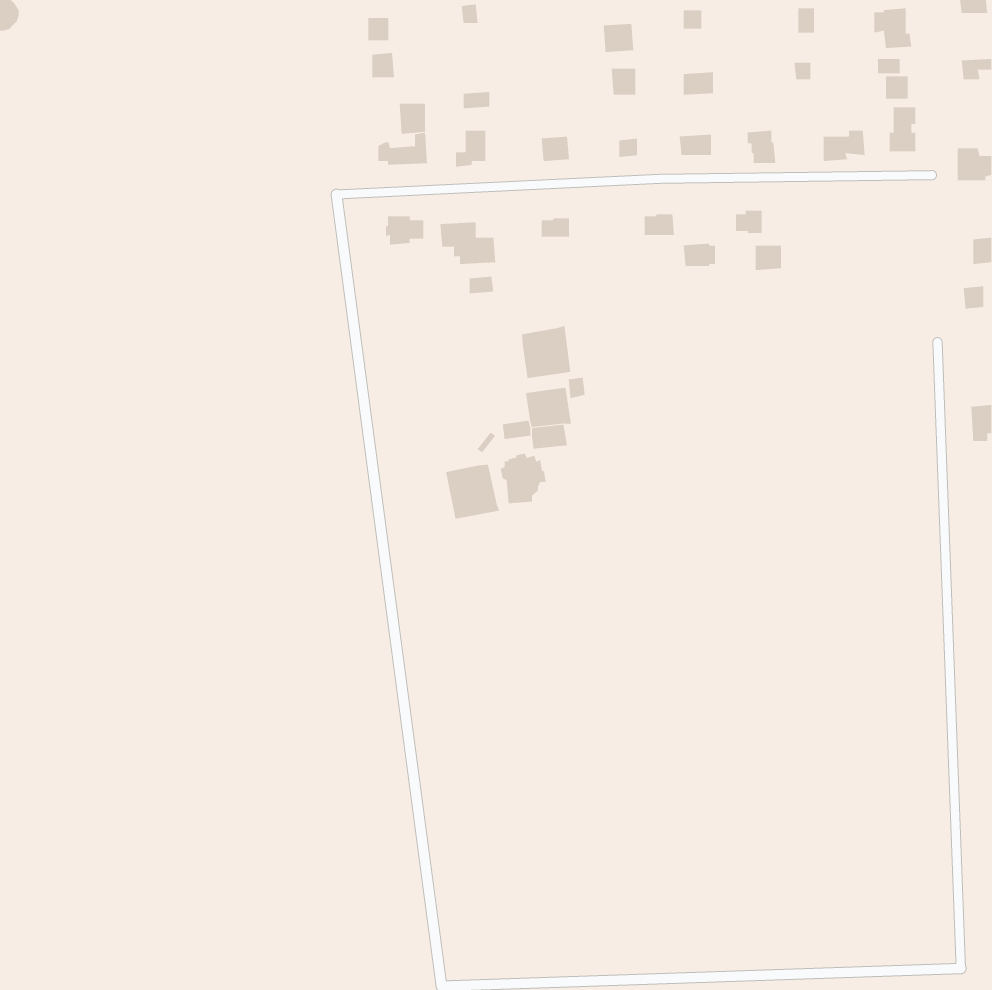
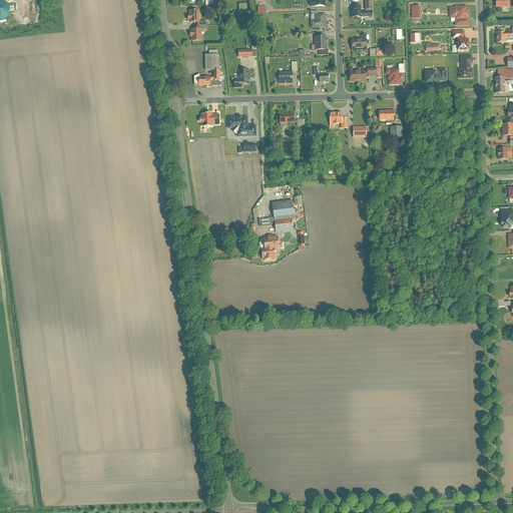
building: [521,325,571,379] -> none
building: [445,464,500,520] -> none

